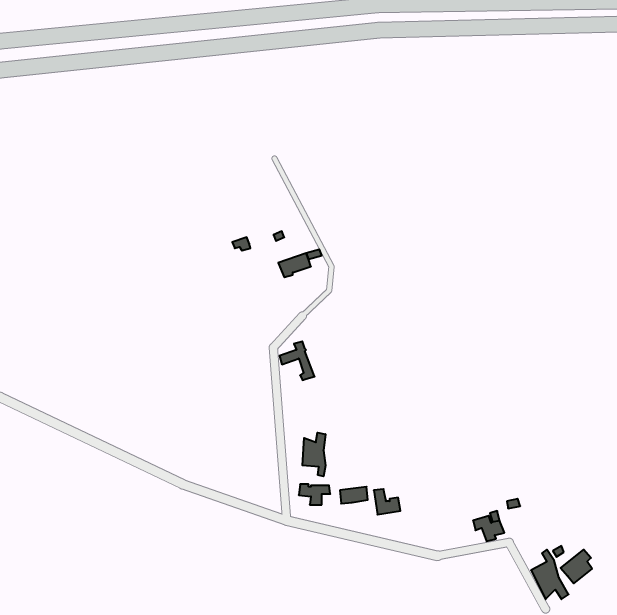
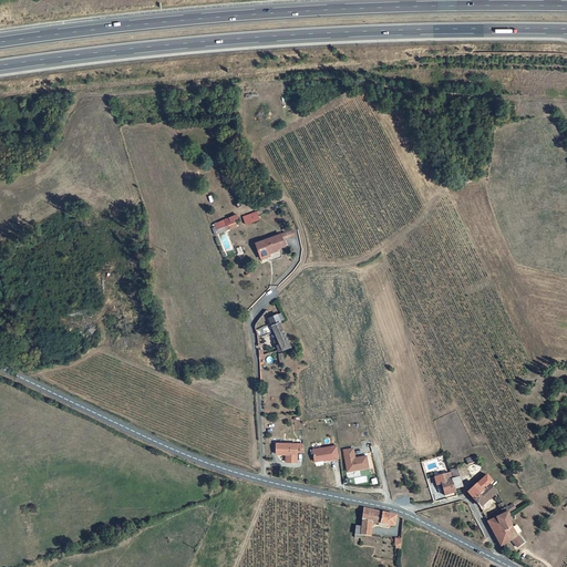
building: [302,433,326,476] -> none
building: [561,550,592,583] -> [467,475,496,506]
building: none -> [351,508,393,539]

